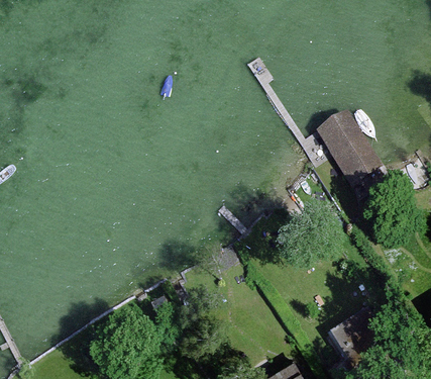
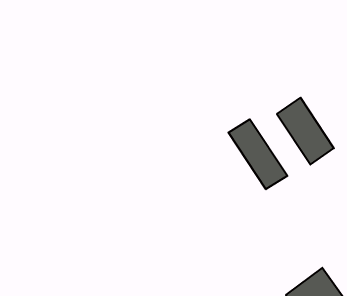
building: none -> [228,119,287,189]

